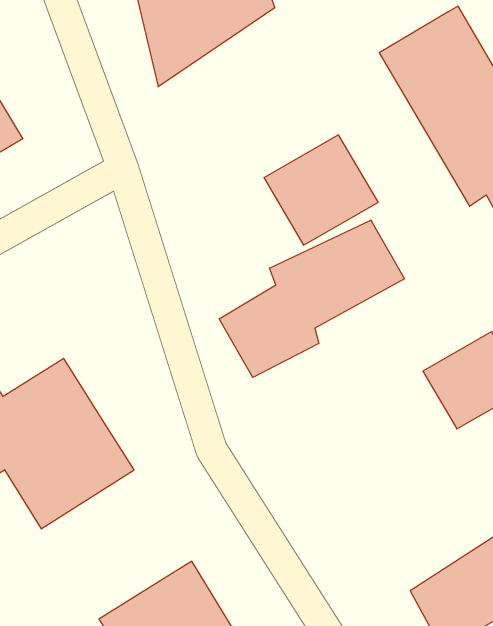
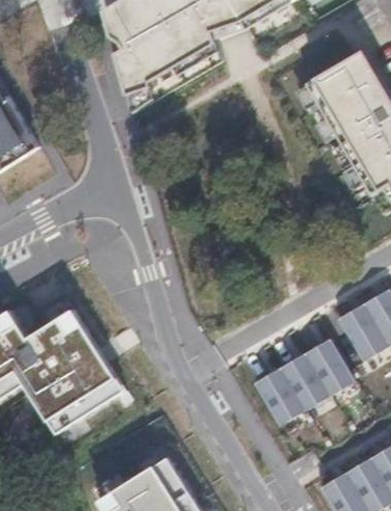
building: [264,135,378,245] -> none
building: [219,220,404,377] -> none
building: none -> [253,338,354,425]

